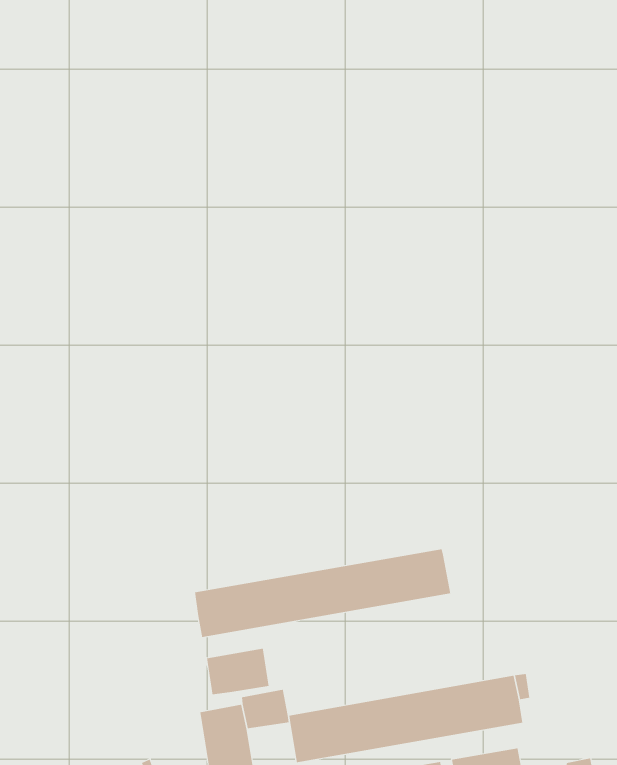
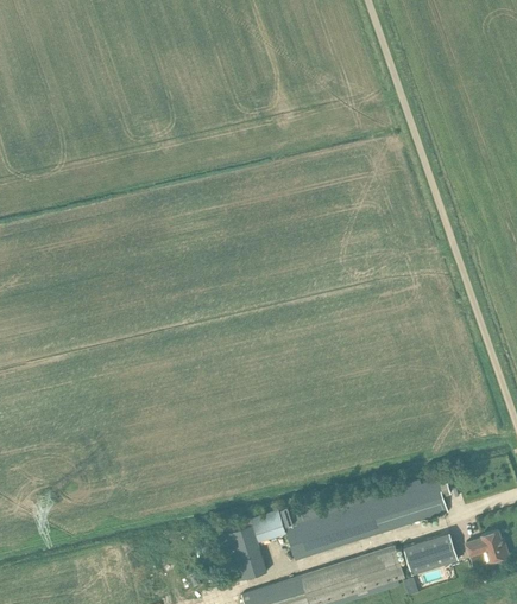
building: [195,549,451,638] -> none
building: [207,648,269,695] -> none

